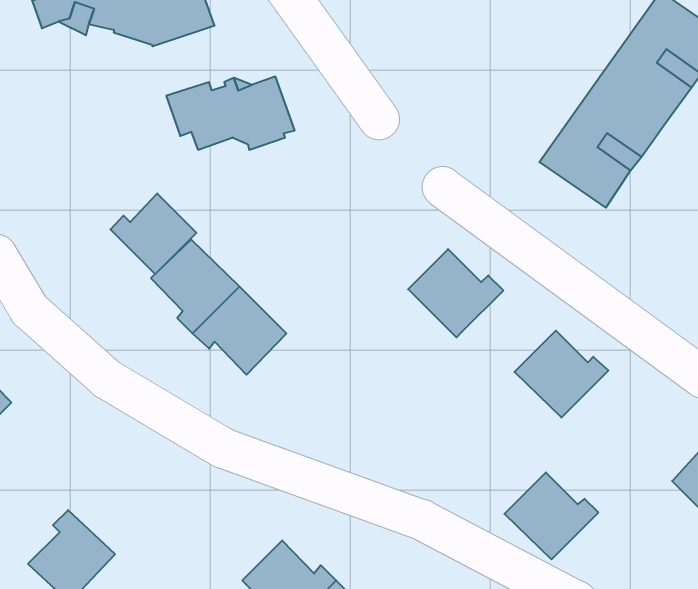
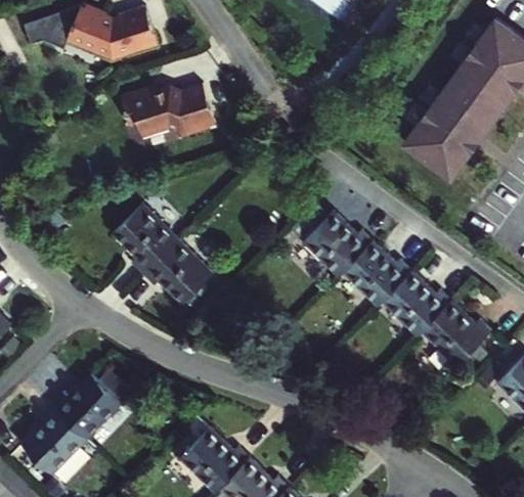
building: [110,193,196,274] -> none
building: none -> [344,241,413,306]
building: none -> [52,372,122,437]
building: [504,472,598,559] -> [422,301,491,365]

